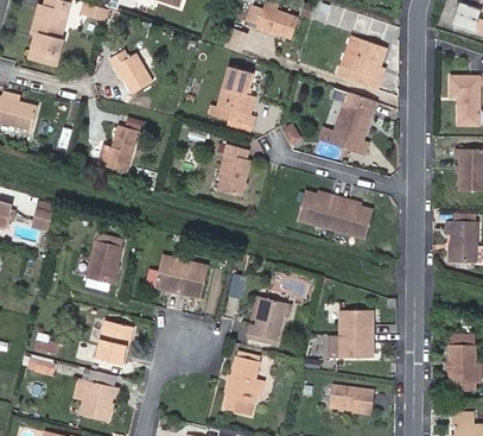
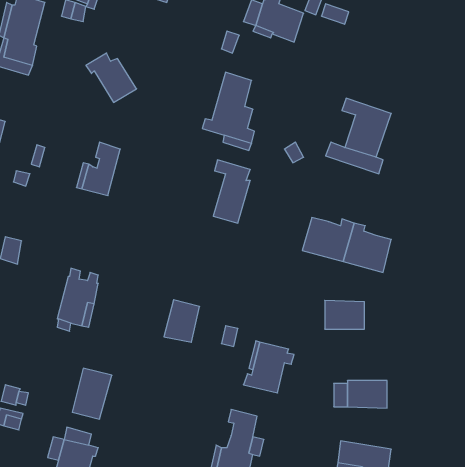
building: [333,30,385,87] -> none
building: [154,255,185,293] -> none
building: [336,307,370,331] -> [325,300,364,329]

